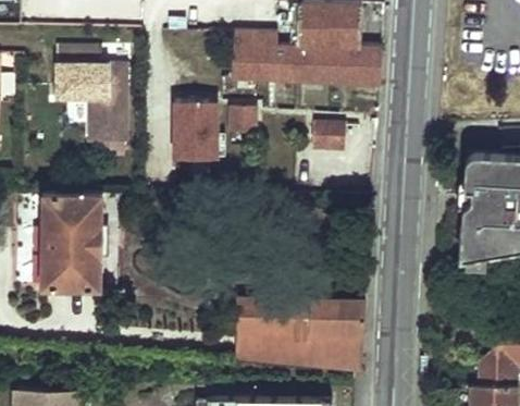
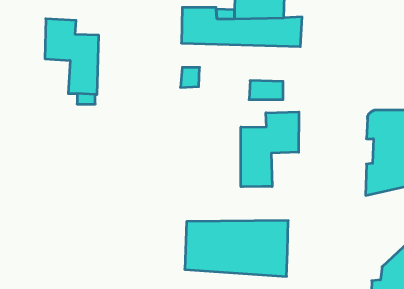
building: [169,102,215,163] -> none
building: none -> [241,112,299,187]
building: [46,193,103,288] -> none

